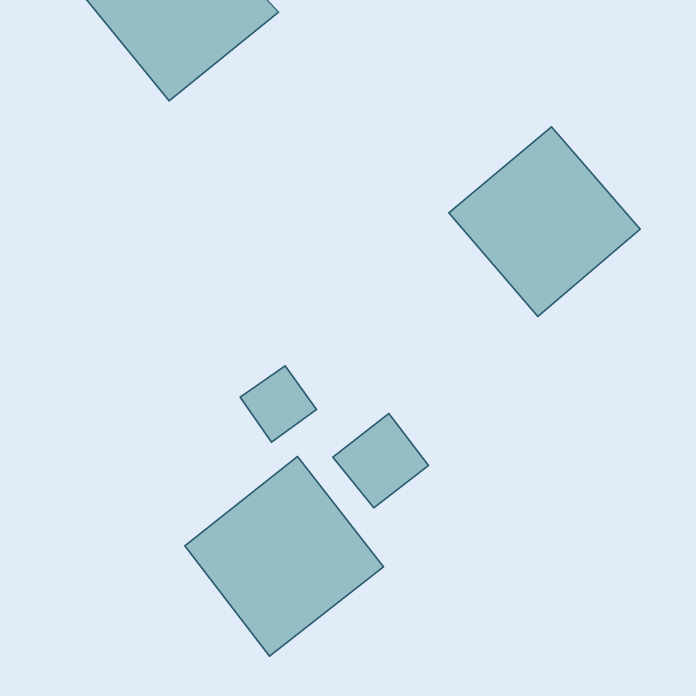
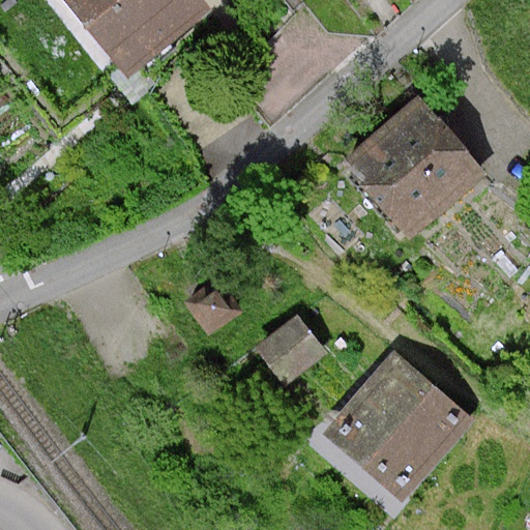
building: [185,457,384,656] -> none
building: none -> [324,352,469,496]

